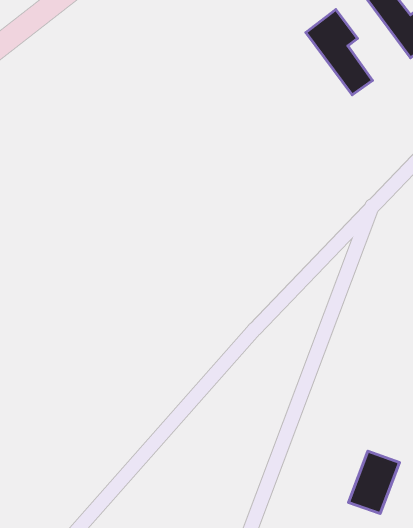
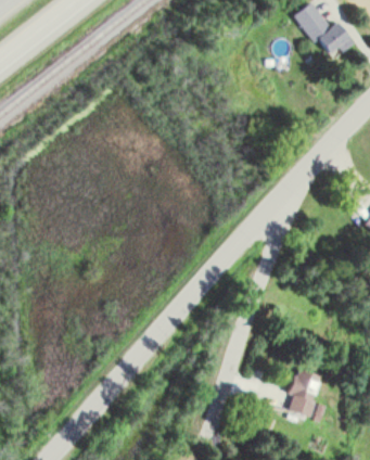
building: [306,9,372,95] -> none

